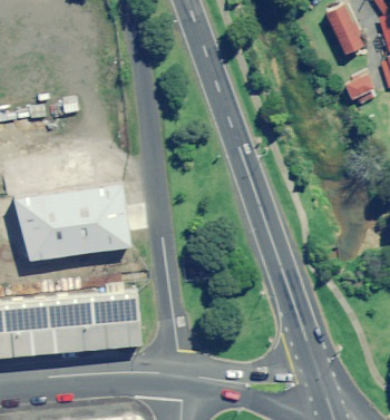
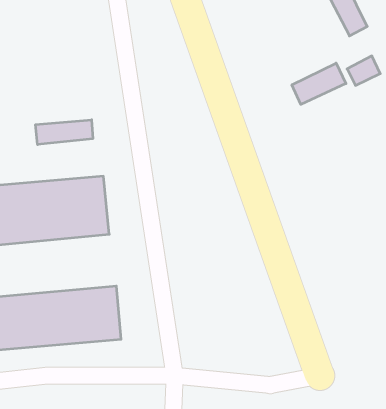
building: none -> [292,63,346,104]
building: none -> [36,120,93,145]

